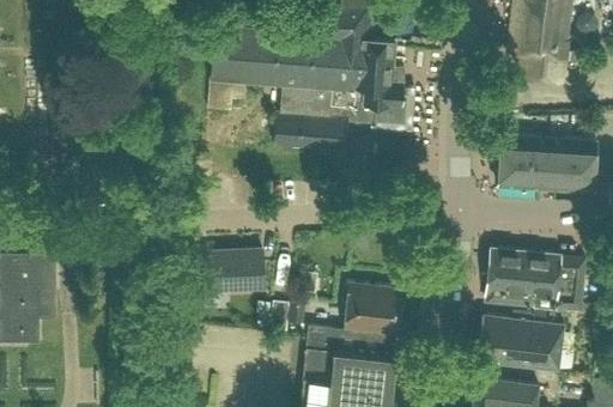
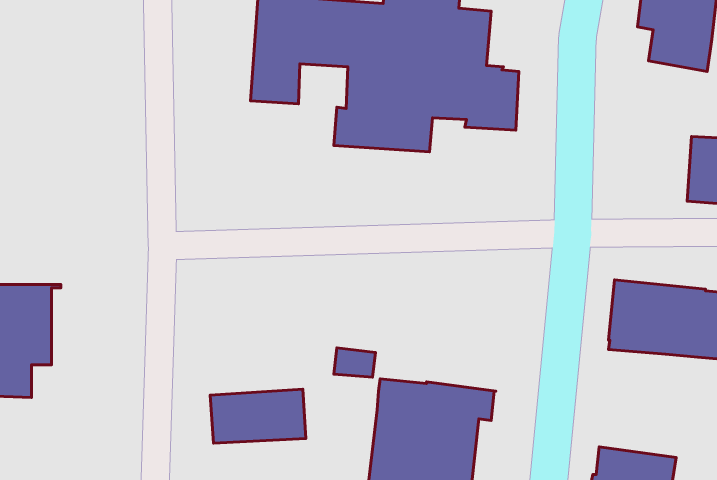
building: [499,134,551,188] -> none
building: [186,251,260,293] -> [210,389,306,443]
building: [345,283,403,335] -> none
building: [479,315,564,371] -> none

